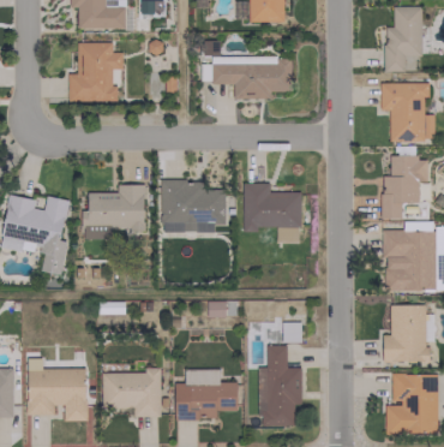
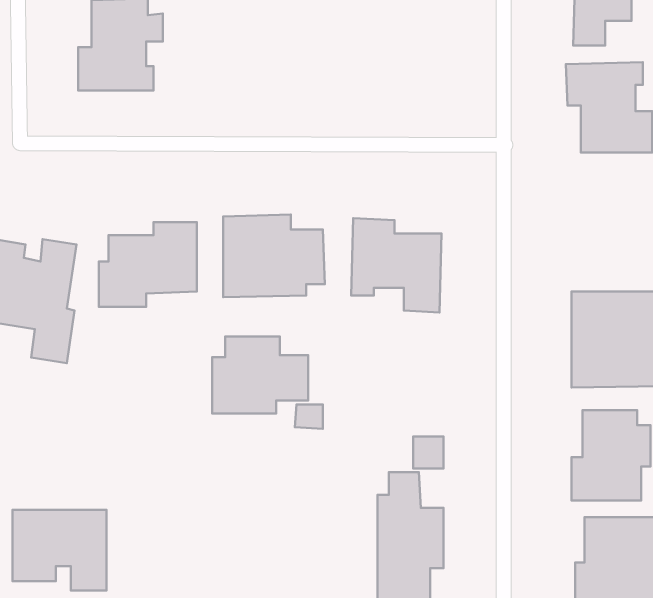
building: [212,55,293,99] -> none
building: [383,156,427,219] -> none
building: [103,368,161,417] -> none
building: [176,370,238,419] -> [212,337,308,414]

